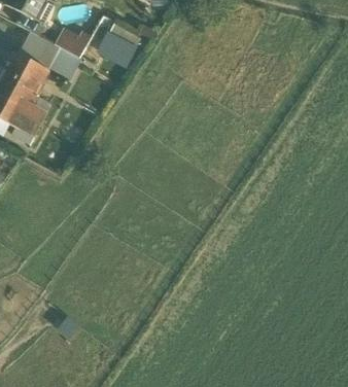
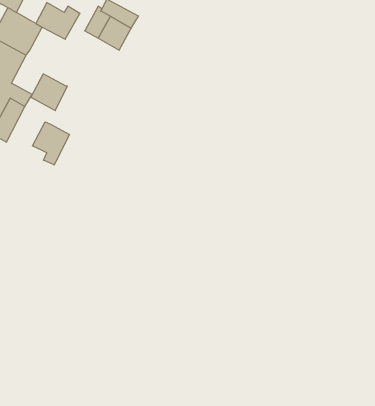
building: [48,46,79,77] -> [31,74,67,111]
building: none -> [32,122,69,165]

